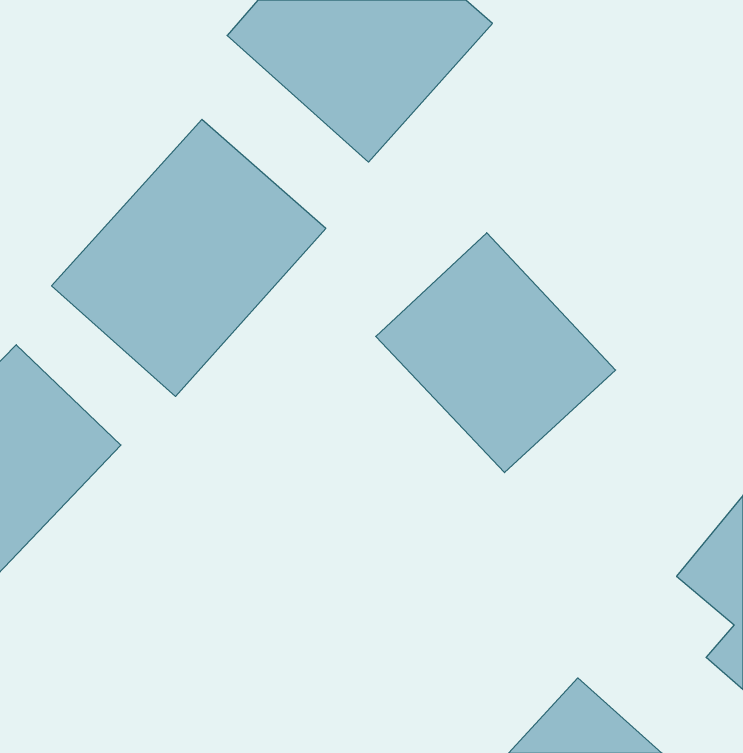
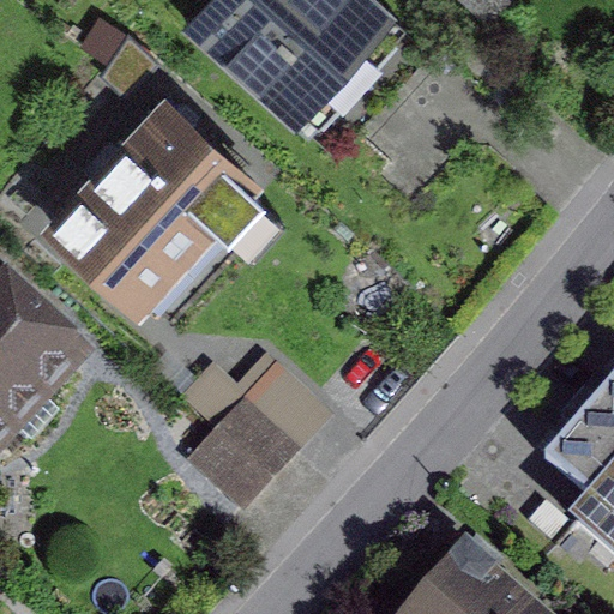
building: [376,233,616,473] -> none
building: none -> [180,349,331,505]

